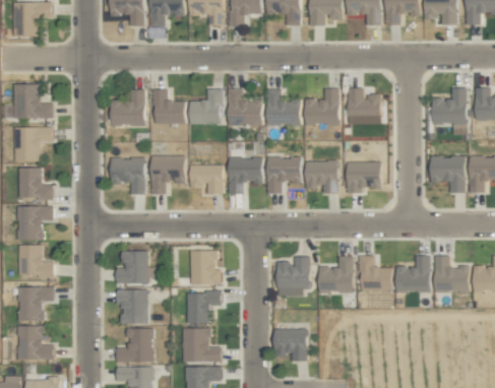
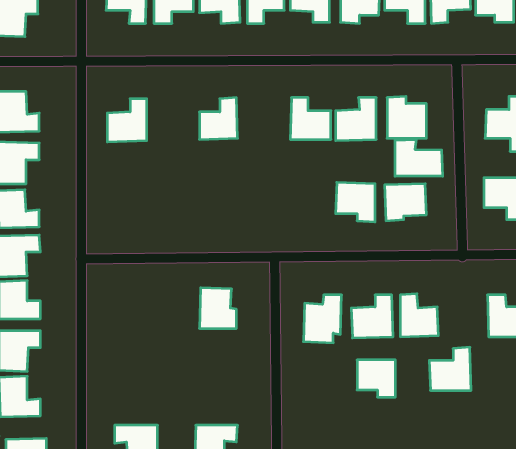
building: [153,88,185,123] -> none
building: [228,88,262,125] -> none
building: none -> [395,140,443,176]
building: [150,155,185,194] -> none
building: [229,156,262,193] -> none
building: [267,156,301,193] -> none
building: [111,157,145,194] -> none
building: [189,165,224,193] -> none
building: [117,250,154,284] -> none
building: [395,255,431,292] -> [429,347,471,390]
building: [117,288,147,324] -> none
building: [186,292,221,323] -> none
building: [117,328,152,363] -> none
building: [182,328,222,363] -> none
building: [274,329,307,361] -> [357,360,395,397]

